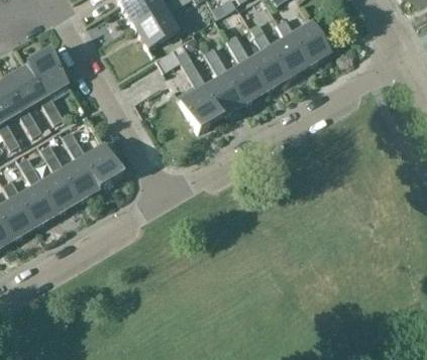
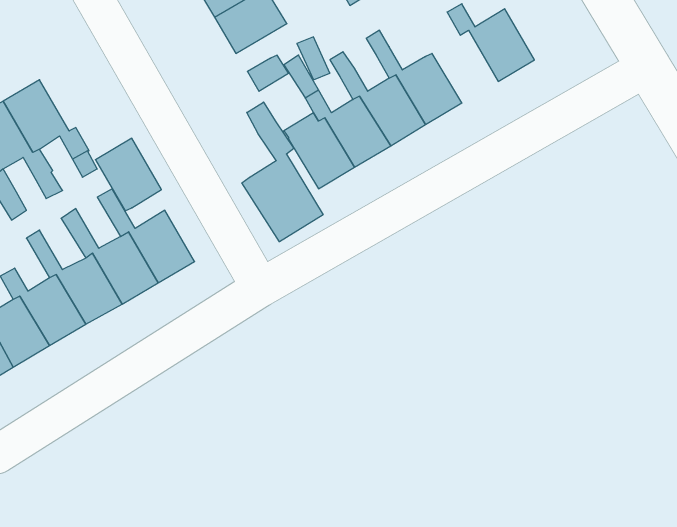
building: [247,21,307,79] -> none
building: [26,51,67,96] -> [95,138,161,211]
building: none -> [242,102,323,242]

